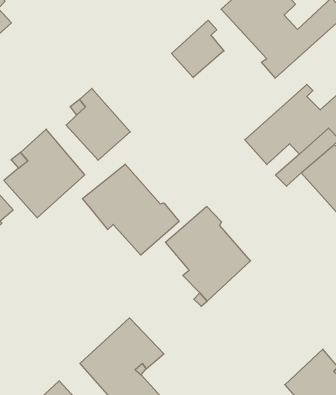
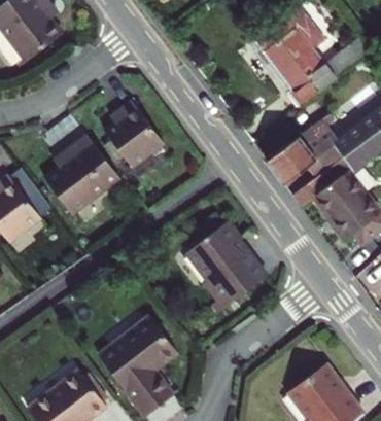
building: [172,20,224,78] -> none
building: [82,164,179,255] -> none

